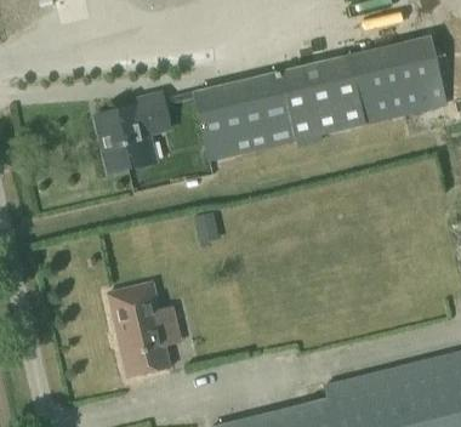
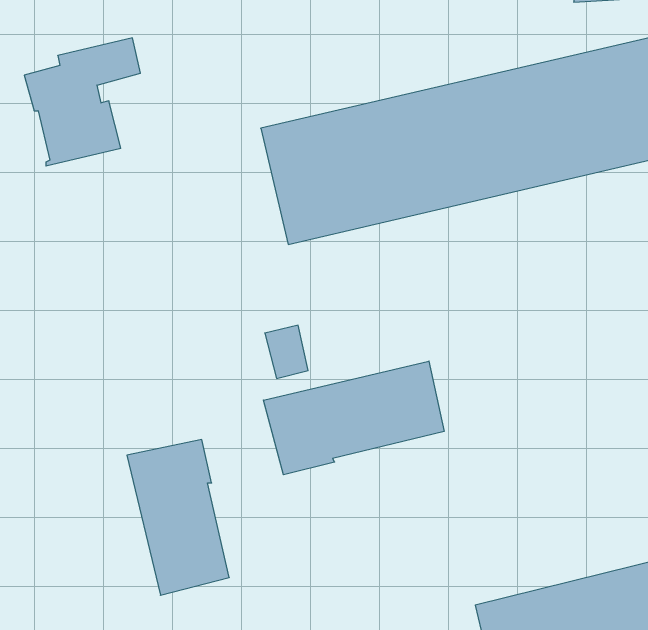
building: [98,95,170,173] -> [24,38,140,166]
building: none -> [263,361,444,475]

